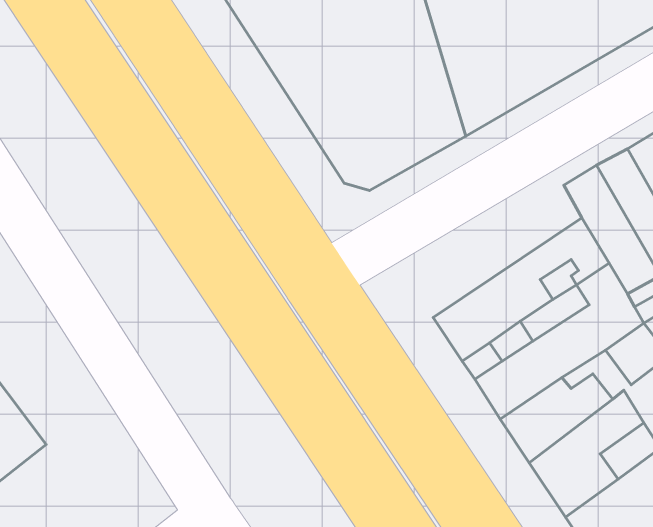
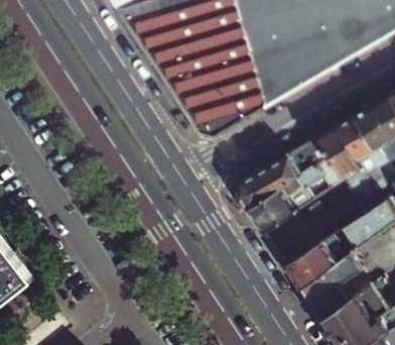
building: none -> [241,132,333,206]

